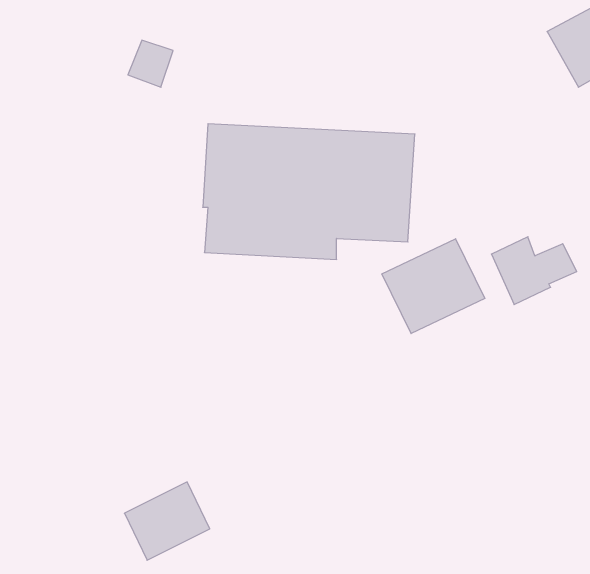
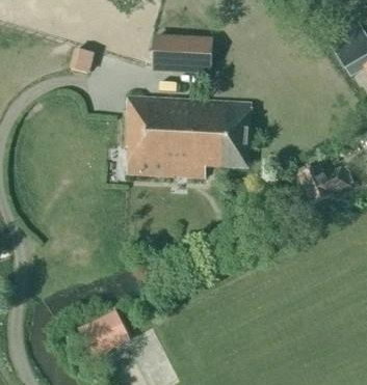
building: none -> [150,36,209,72]
building: [382,239,485,334] -> none

